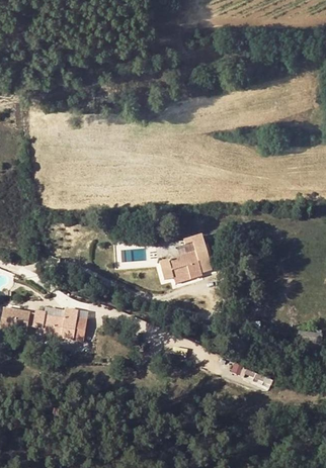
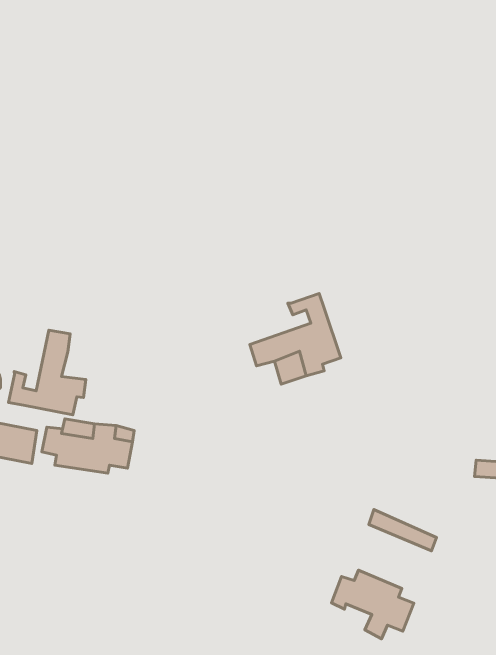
building: none -> [9,330,86,415]
building: none -> [331,570,414,639]

